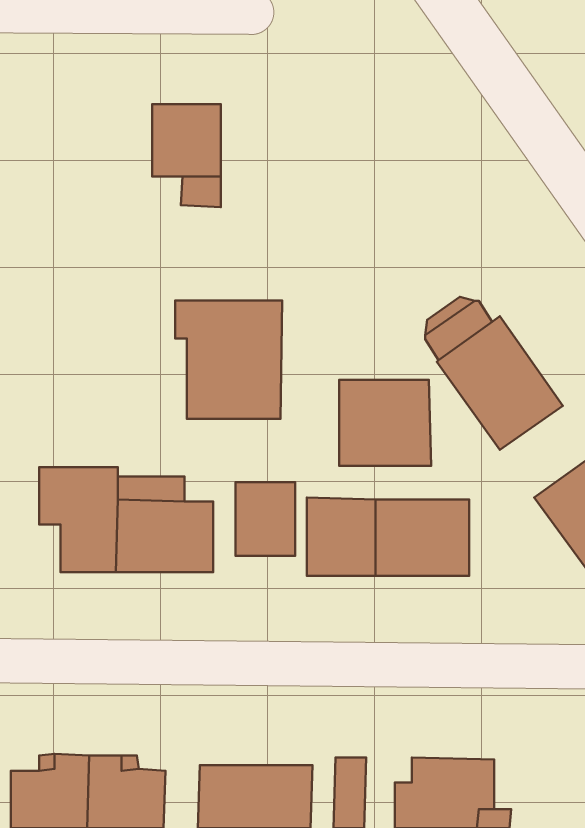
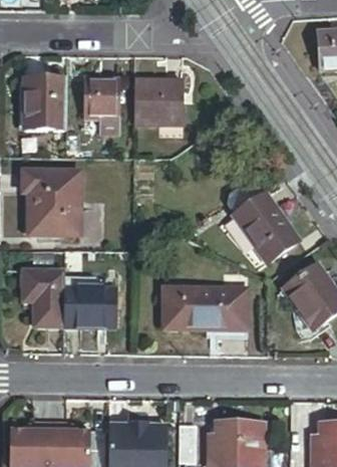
building: none -> [24,79,66,130]
building: none -> [133,80,183,125]
building: [175,300,282,419] -> [24,172,80,234]
building: [339,380,431,466] -> none
building: [236,482,295,556] -> none

